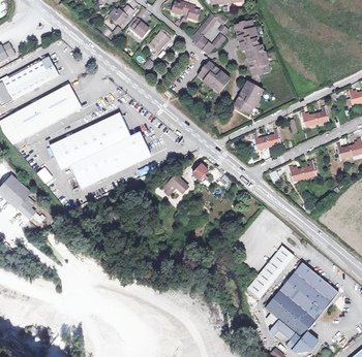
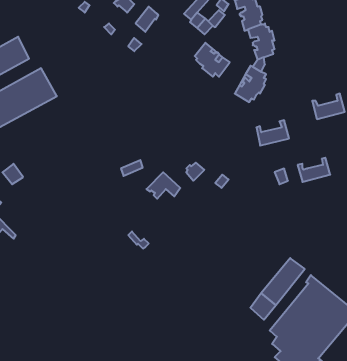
building: [50,113,150,188] -> none

